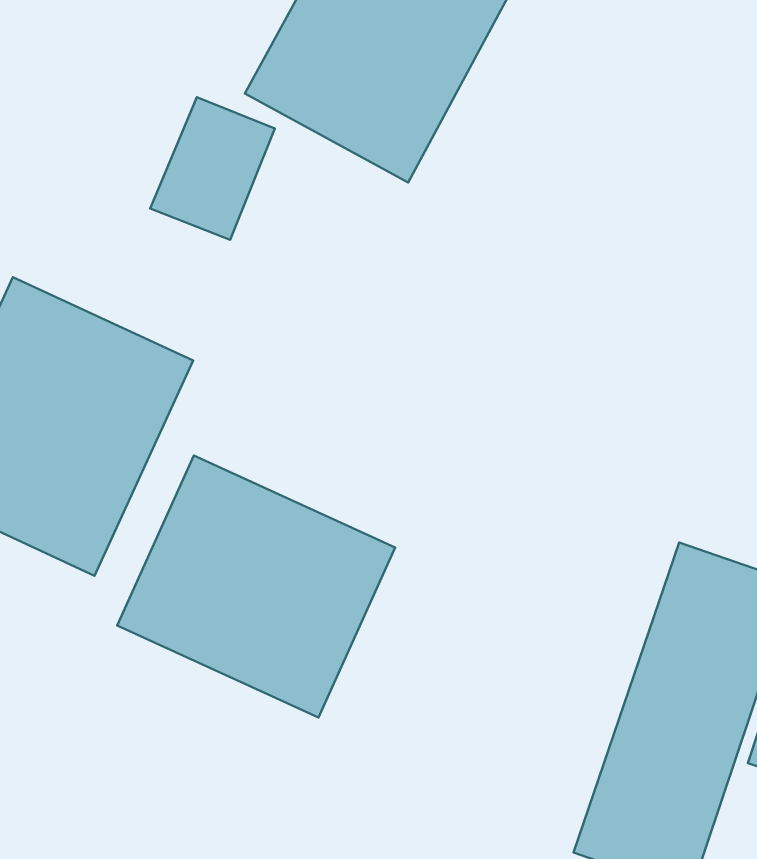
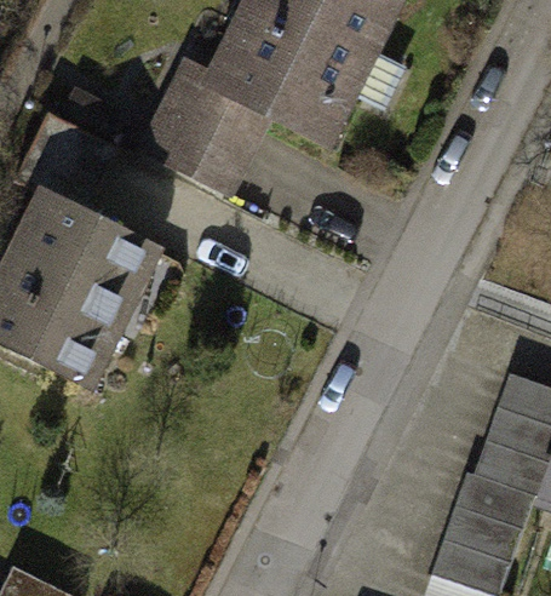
building: [117,456,395,718] -> none

